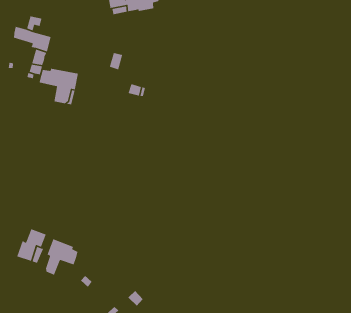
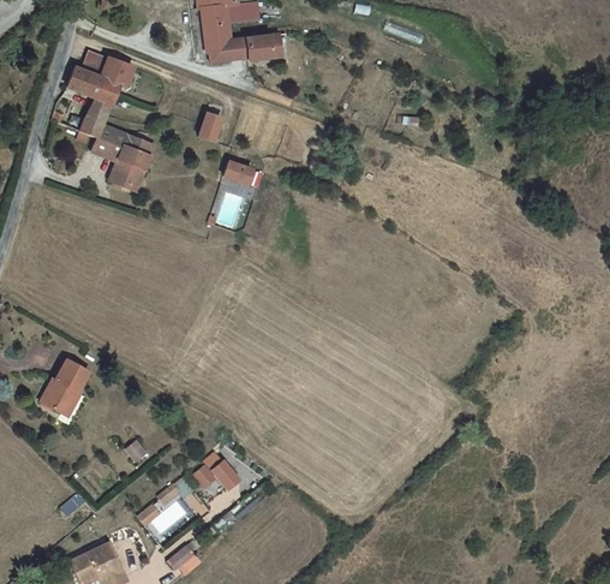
building: none -> [92,56,132,87]
building: [45,238,79,276] -> none
building: none -> [205,454,243,493]

